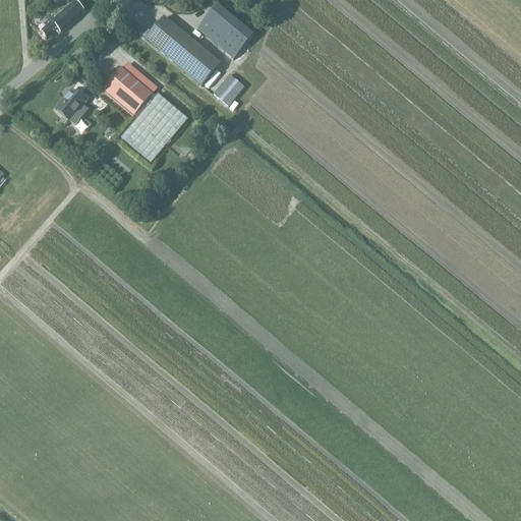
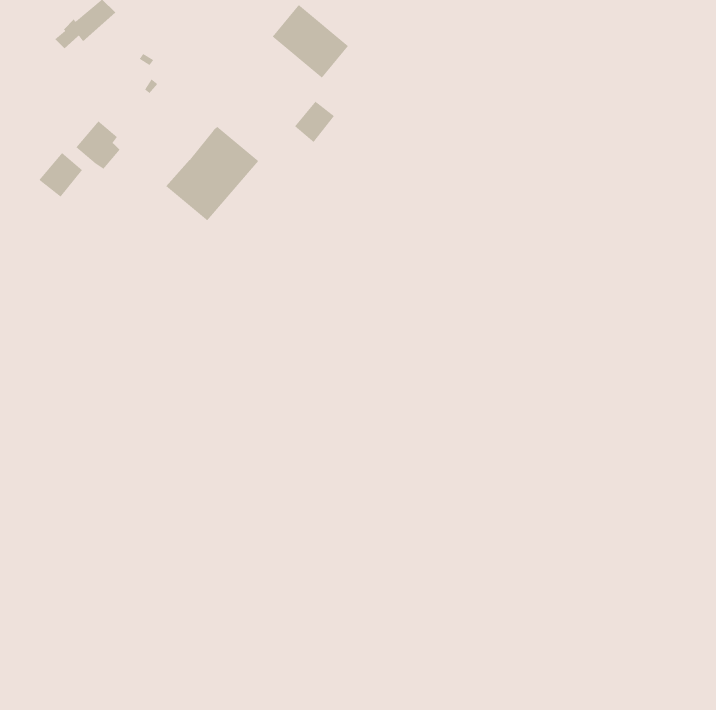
building: [139,15,220,83] -> none
building: [103,66,155,116] -> none
building: none -> [38,152,83,197]

